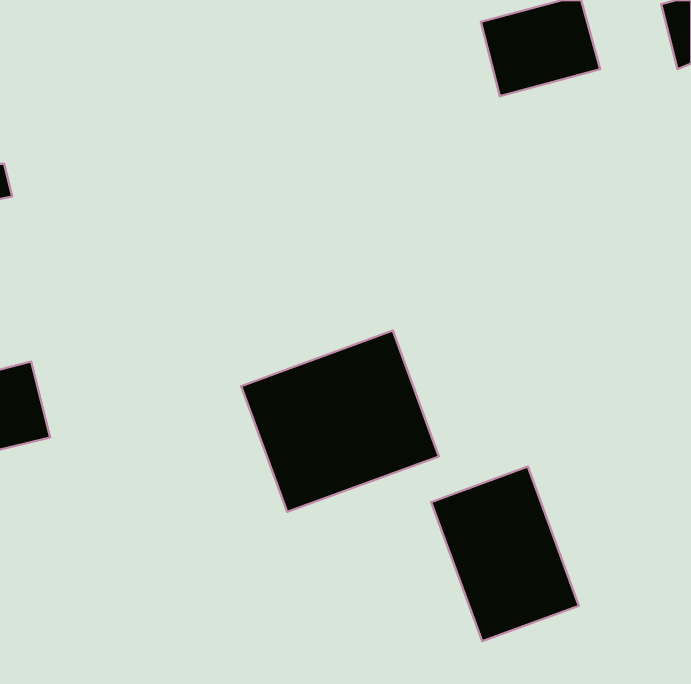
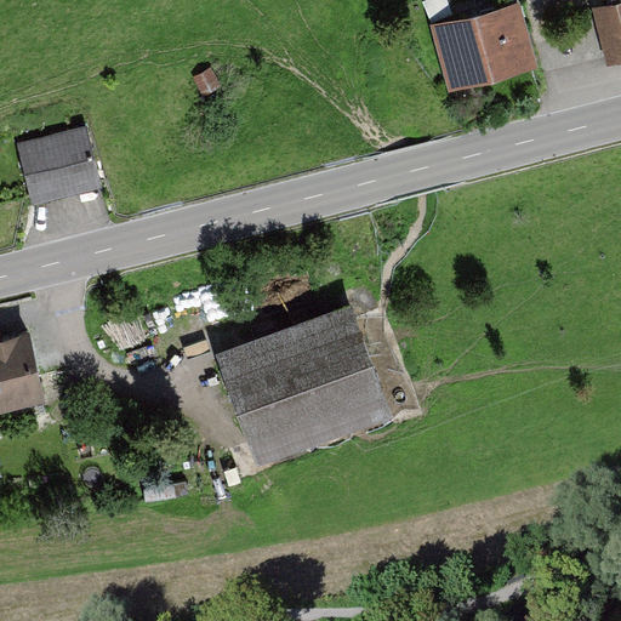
building: none -> [17,131,101,205]
building: [431,467,579,641] -> none

